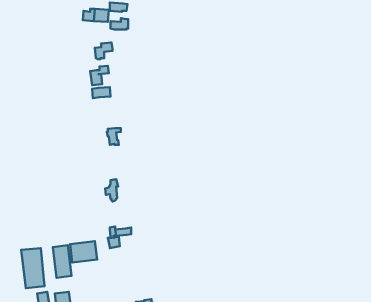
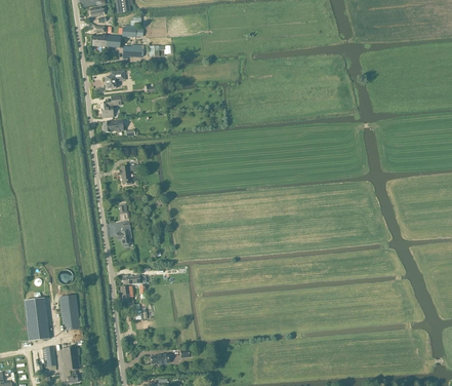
building: [70,241,97,262] -> none

